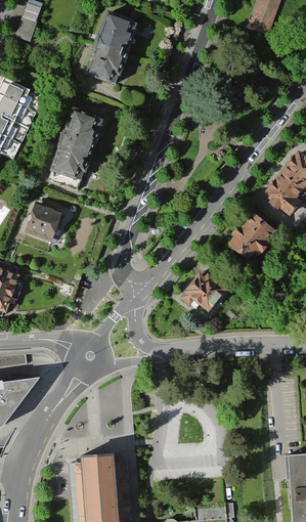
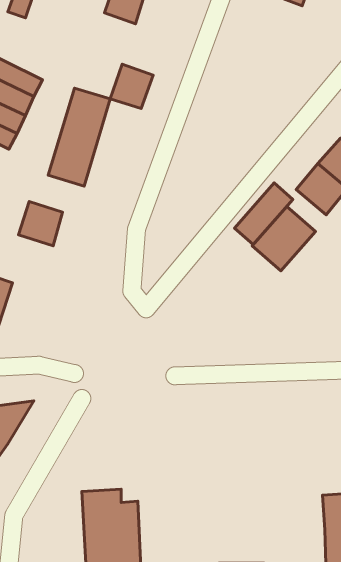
building: [87,42,124,80] -> [110,64,153,108]
building: none -> [235,183,293,245]
building: [178,269,226,318] -> none

